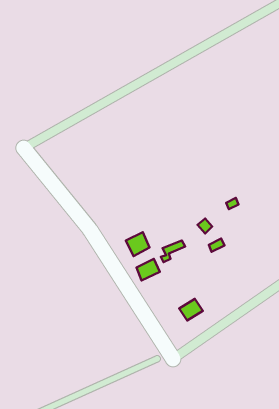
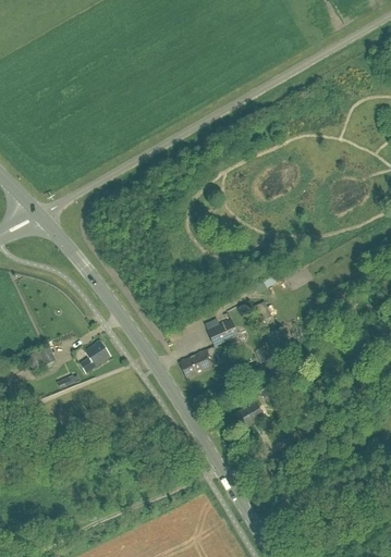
building: [126,232,149,256] -> none
building: none -> [80,341,109,371]

